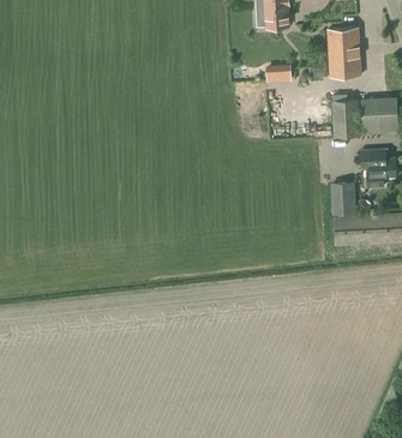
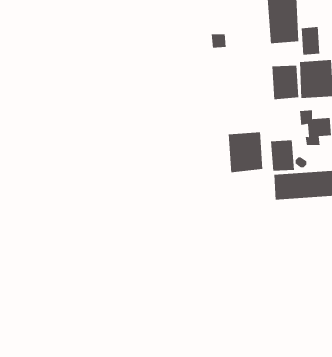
building: none -> [301,26,320,56]
building: none -> [228,131,263,173]

